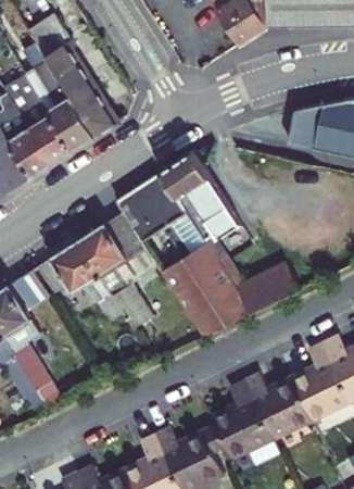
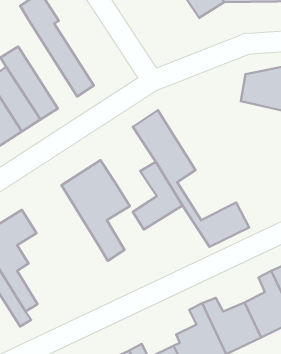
building: [18,47,97,150] -> none
building: [117,172,189,241] -> none
building: [37,240,123,321] -> none
building: [175,264,252,336] -> none

